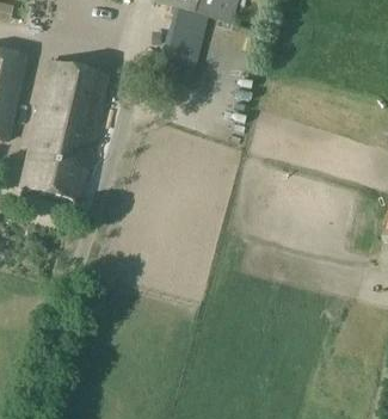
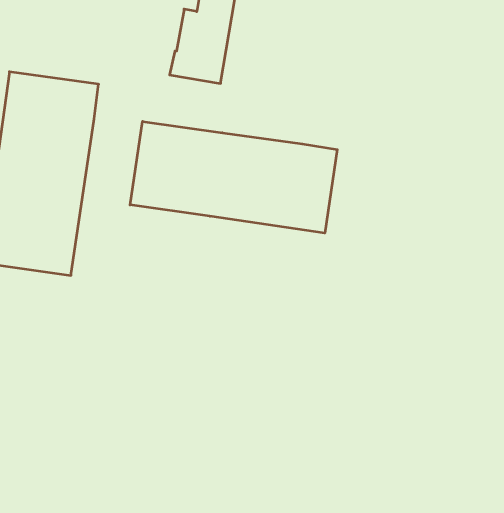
building: none -> [130,121,337,233]

